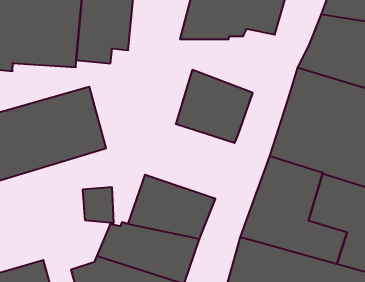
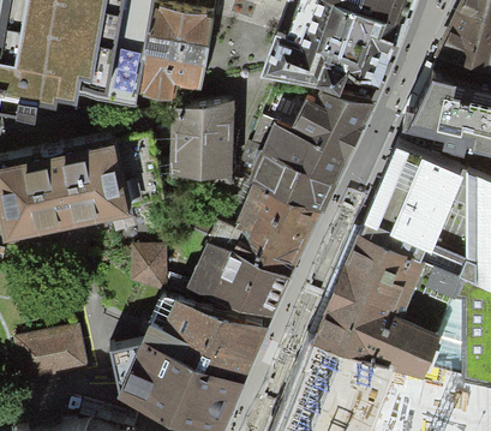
building: none -> [291,90,375,151]
building: none -> [169,98,233,180]
building: none -> [188,181,319,276]

